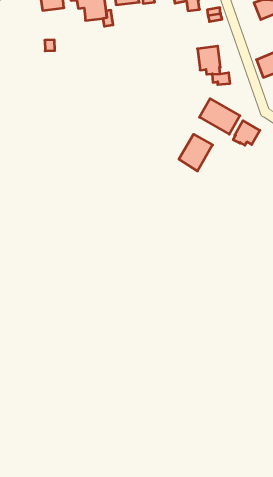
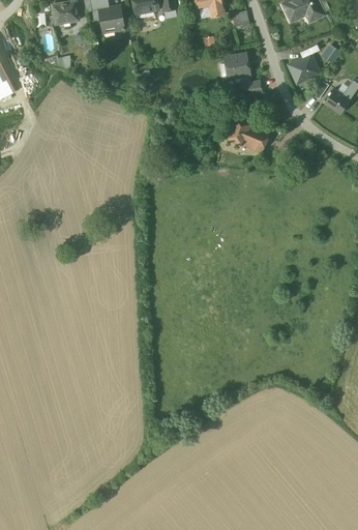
building: [233,121,260,145] -> none
building: [179,134,213,171] -> none

